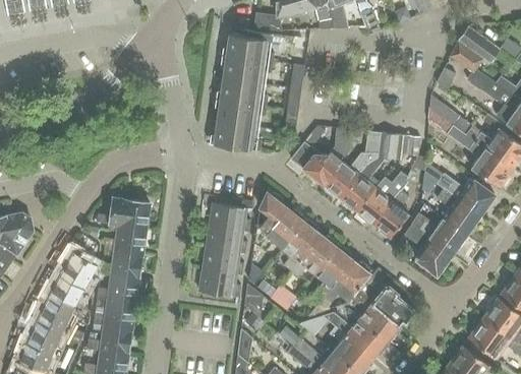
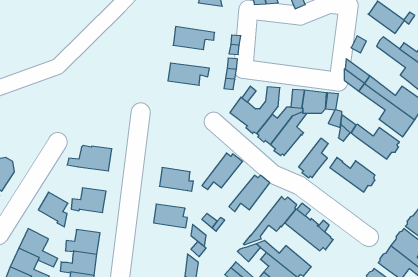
building: [226,29,274,63] -> none
building: [450,41,483,72] -> none
building: [220,78,268,106] -> none
building: [214,121,262,150] -> none
building: [356,171,407,224] -> none
building: [436,188,479,234] -> none
building: [253,191,287,246] -> none
building: [210,202,250,232] -> none
building: [281,217,321,271] -> none
building: [104,224,146,253] -> none
building: [405,225,452,274] -> none
building: [307,243,353,307] -> none
building: [202,247,243,275] -> none
building: [97,274,138,303] -> none
building: [49,275,86,318] -> none
building: [350,291,399,344] -> none

